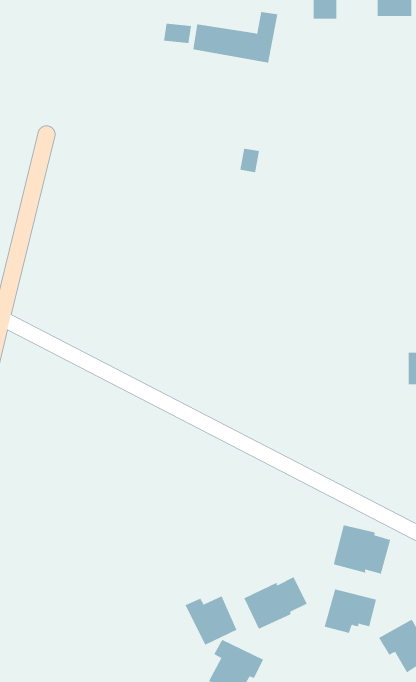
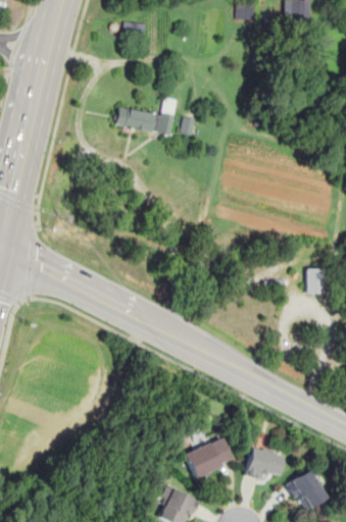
building: [193,12,278,63] -> [113,97,178,136]
building: [333,525,391,575] -> none
building: [185,596,237,645] -> none

